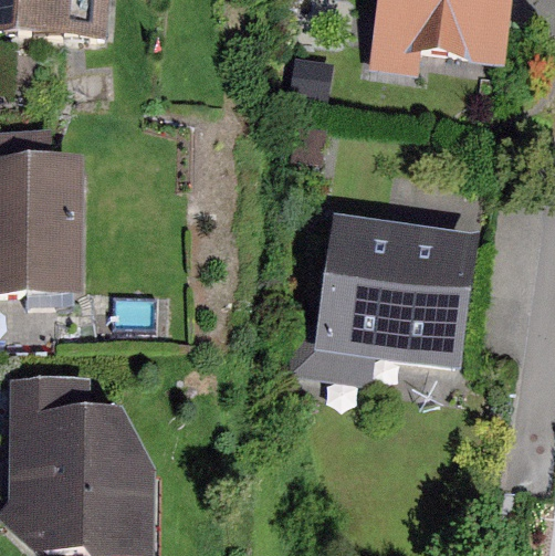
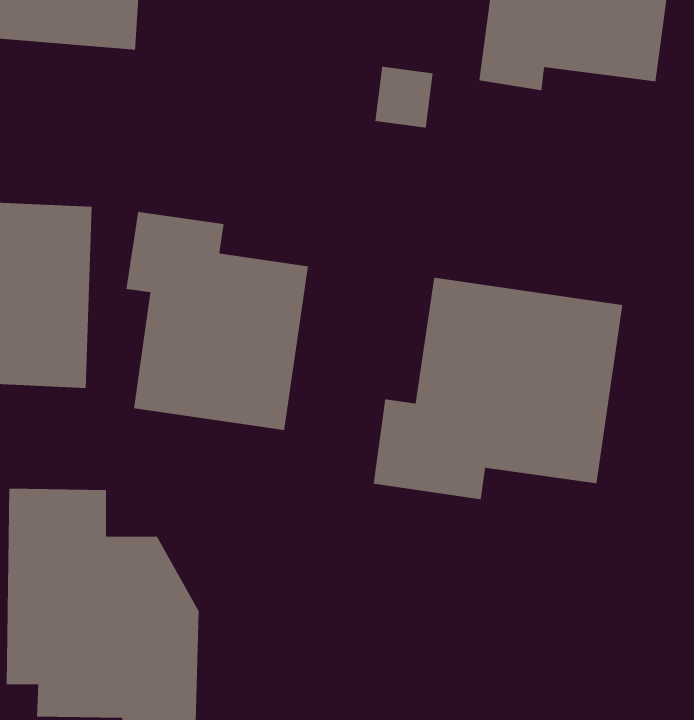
building: none -> [126,211,309,431]

